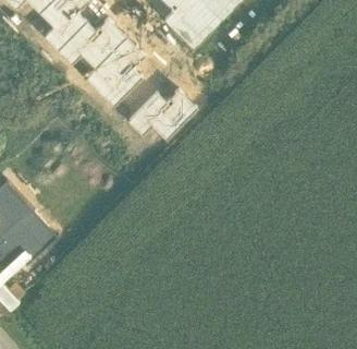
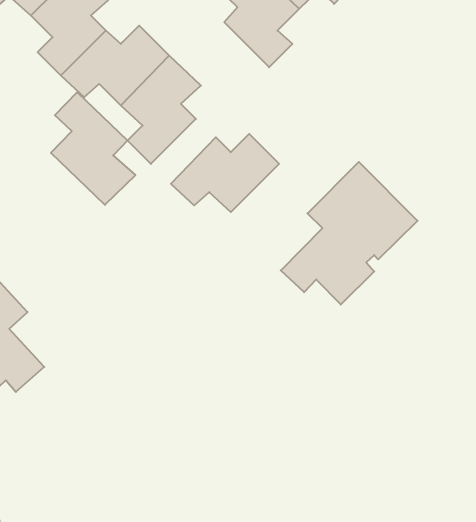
building: none -> [51,92,135,205]
building: none -> [281,162,418,305]

